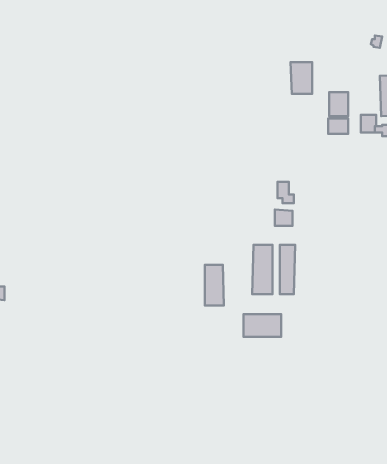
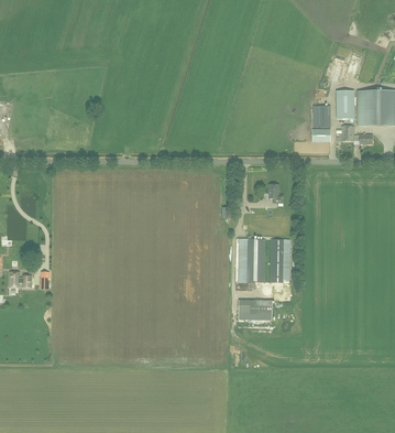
building: [291,62,312,94] -> [336,90,354,118]
building: [205,265,224,306] -> none

